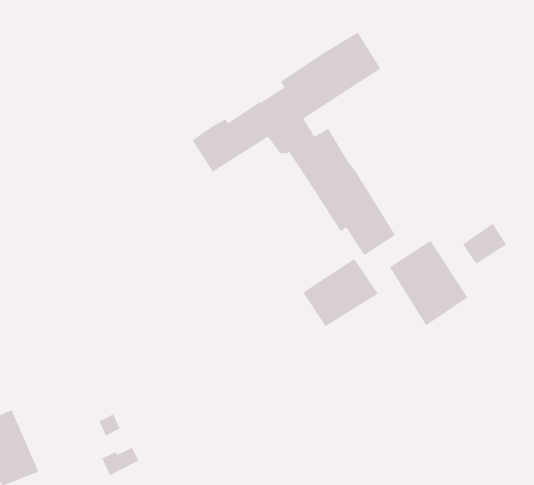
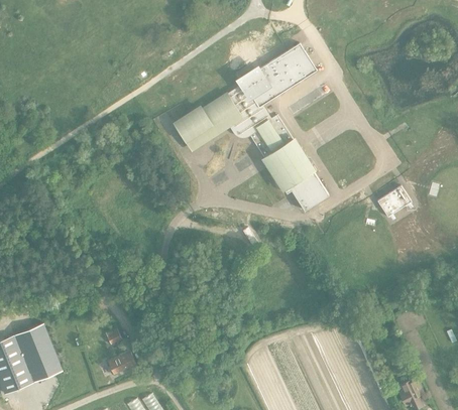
building: [389,240,468,326] -> none
building: [302,258,379,327] -> none

